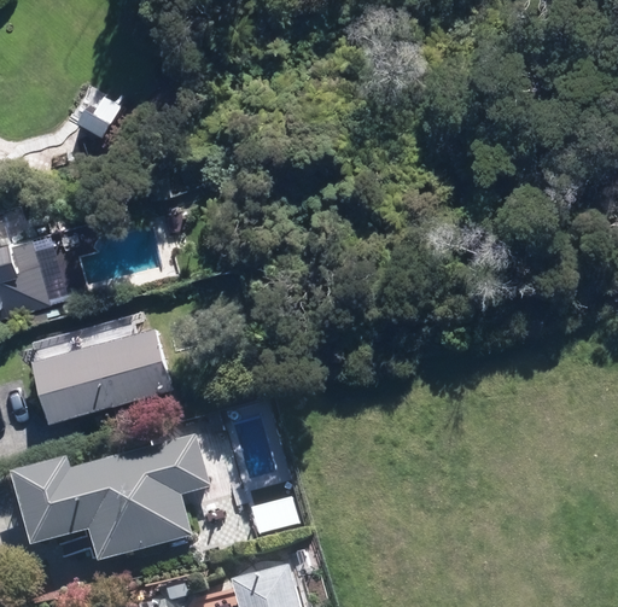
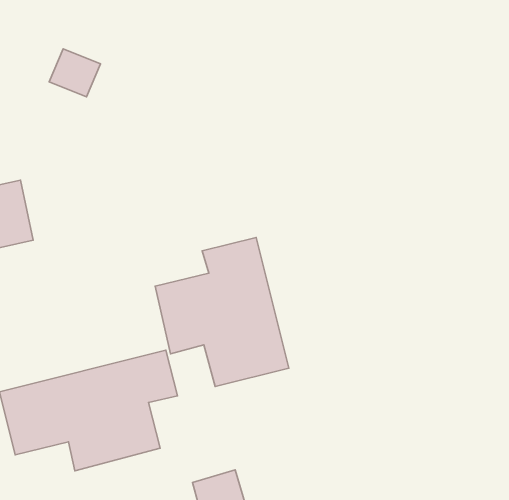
building: none -> [155,238,289,387]
building: [29,323,169,420] -> none

